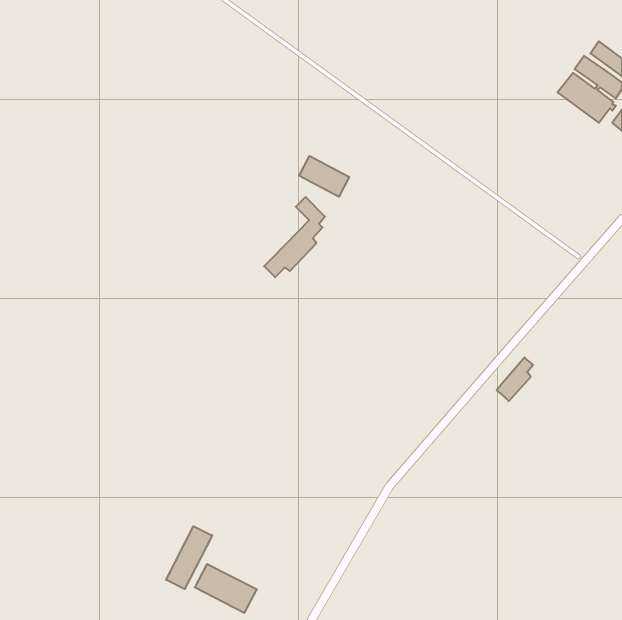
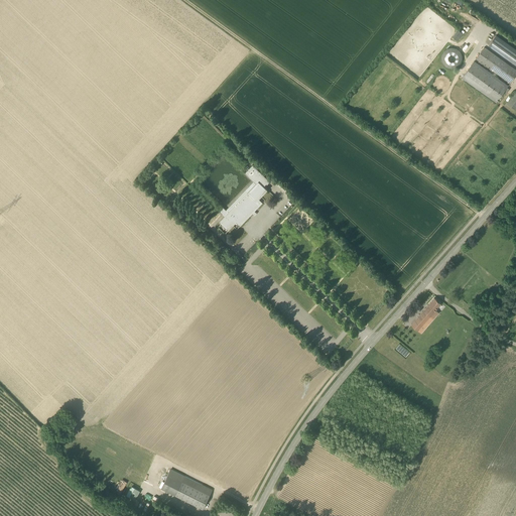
building: [299,156,349,197] -> none
building: [166,526,212,589] -> none

